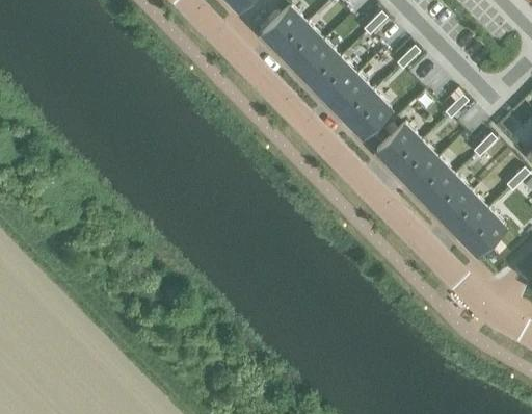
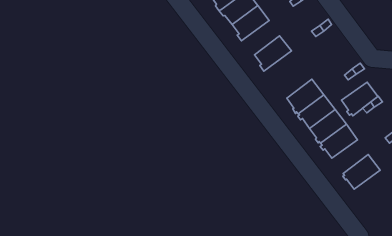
building: [310,57,356,103] -> none
building: [343,92,391,137] -> none
building: [443,192,487,237] -> [342,82,378,116]

